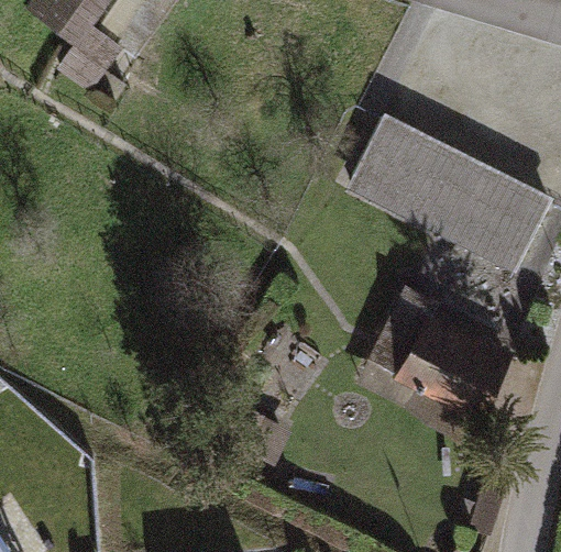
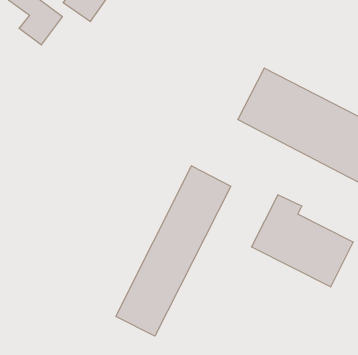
building: none -> [116,166,231,336]

